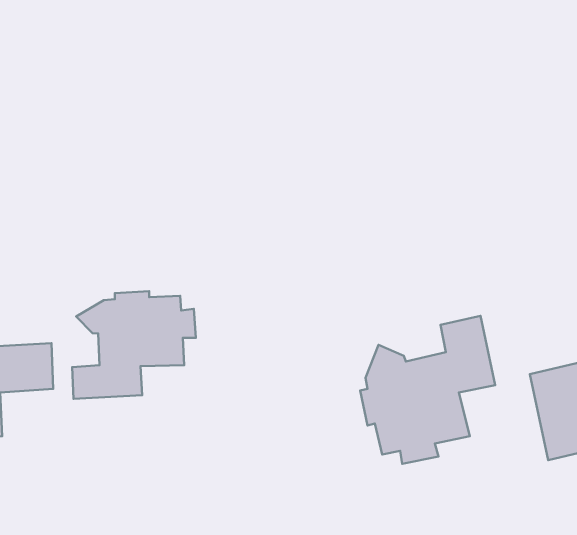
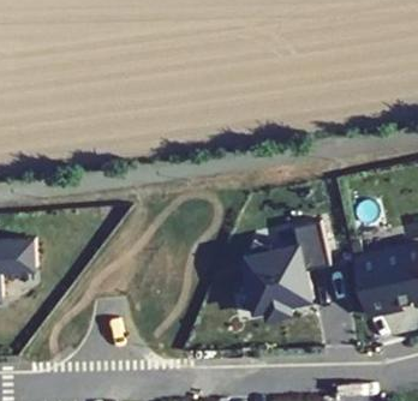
building: [72,291,196,399] -> none

